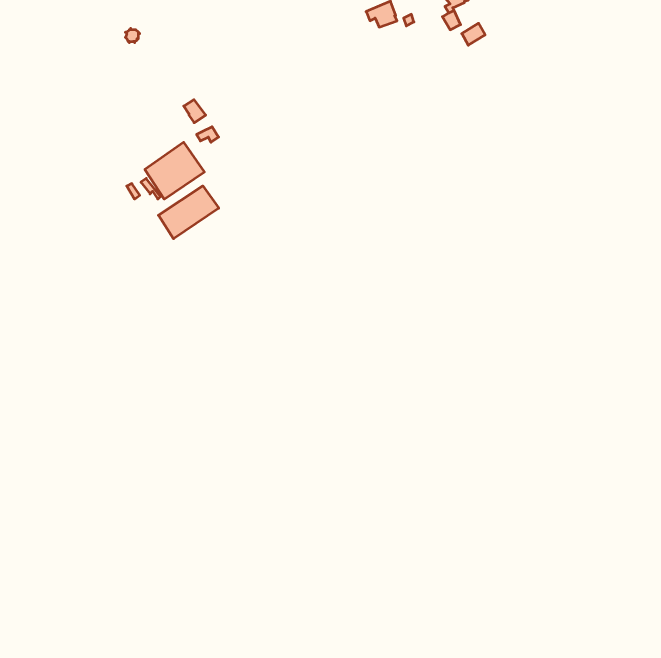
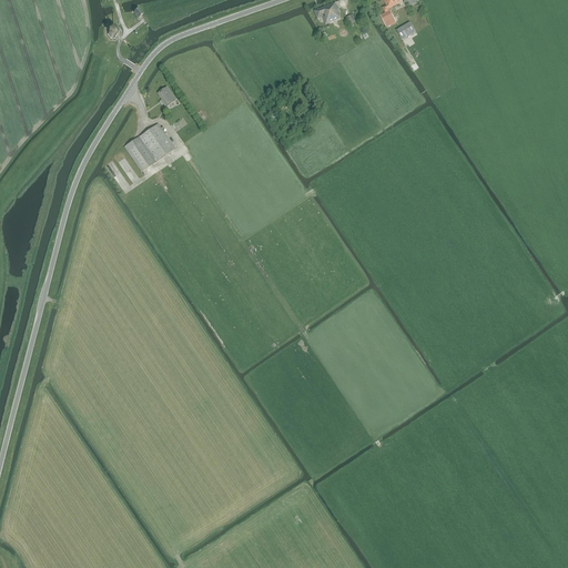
building: [158,186,219,239] -> none

